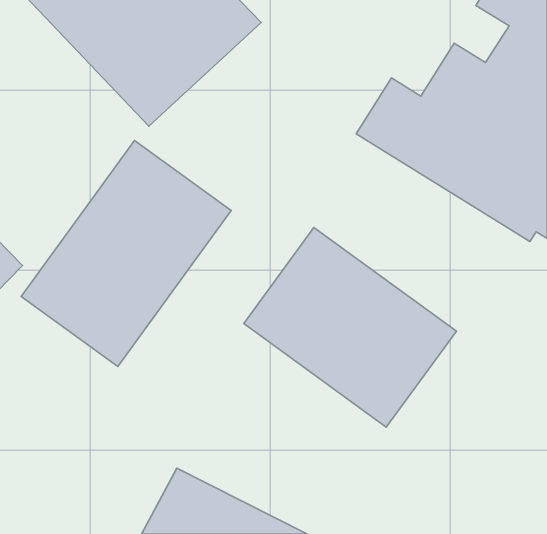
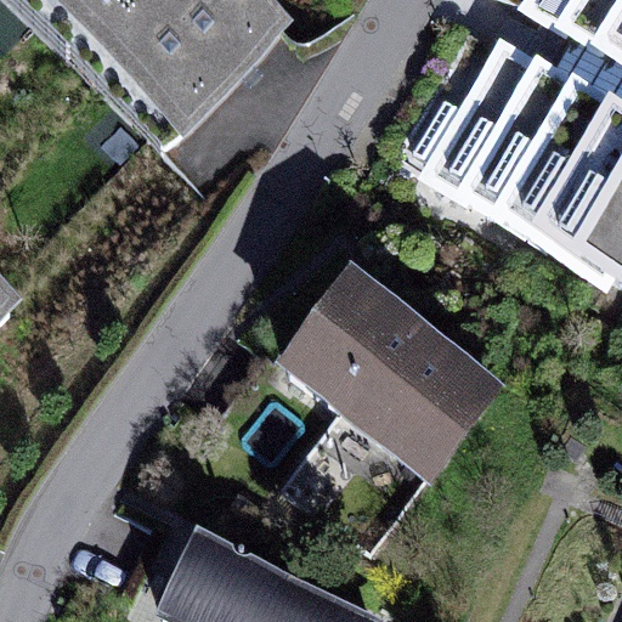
building: [21,140,231,367] -> none

